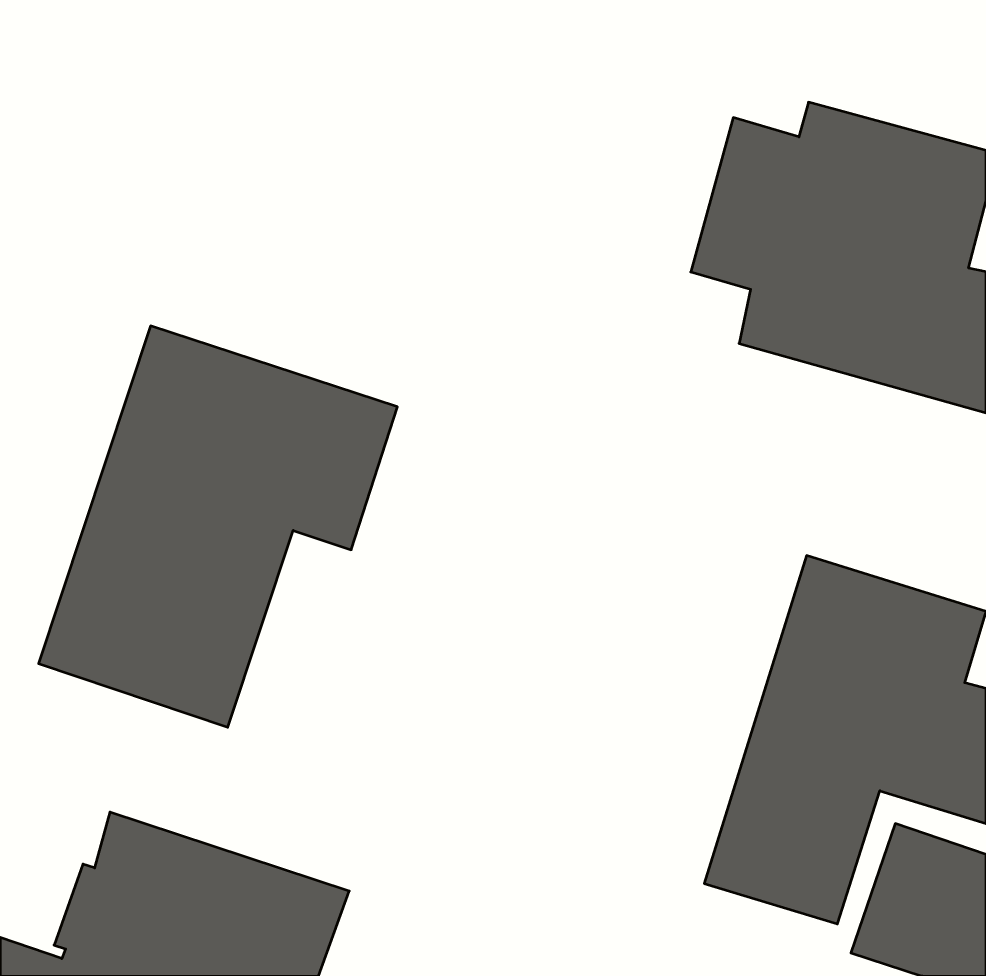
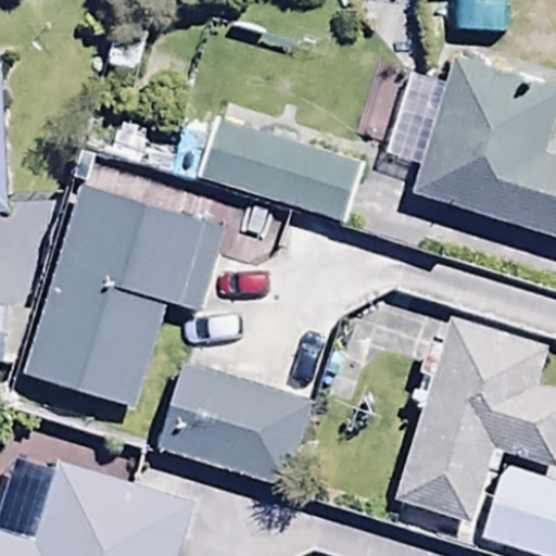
building: none -> [203,118,361,223]
building: none -> [157,365,311,488]

